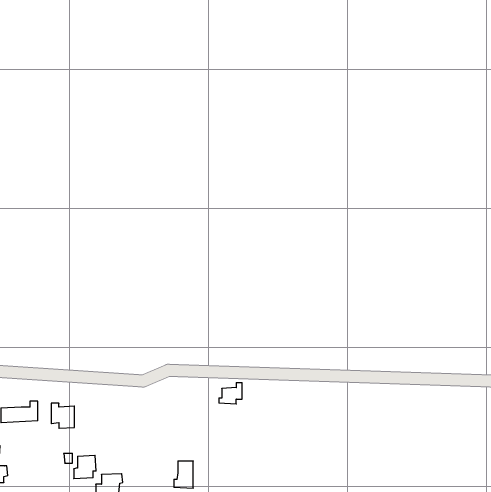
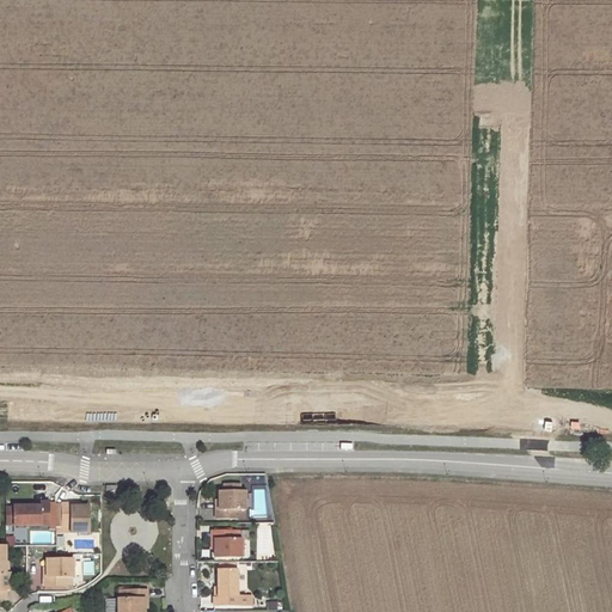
building: [219,383,242,404] -> [210,494,239,520]
building: none -> [216,531,245,556]
building: [74,455,96,479] -> [33,558,61,587]

